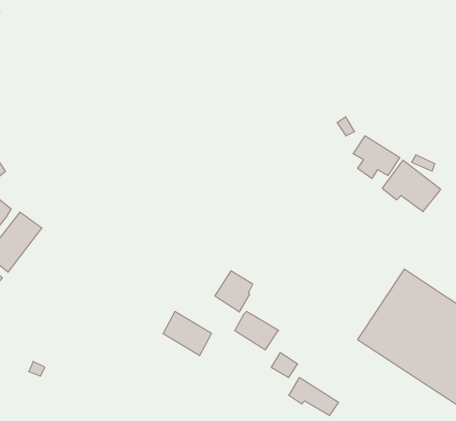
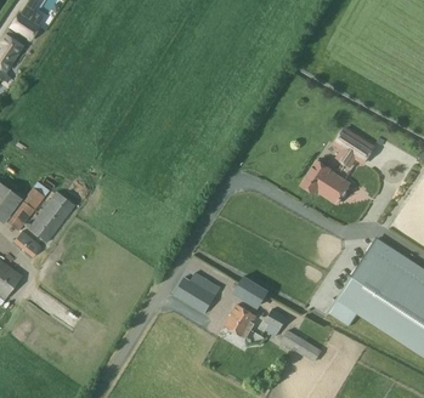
building: [382,160,441,212] -> [299,160,347,203]
building: [215,271,253,312] -> [225,305,256,339]

